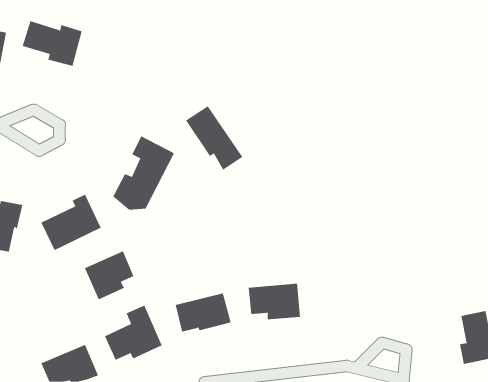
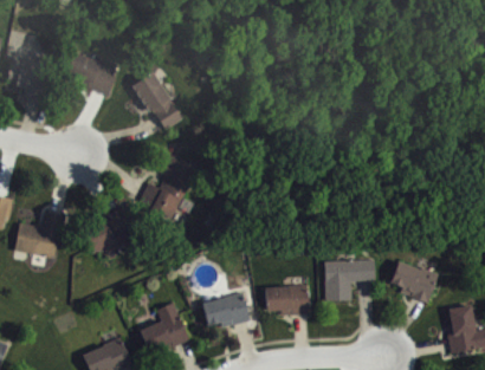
building: [185,105,243,170] -> [134,73,185,130]
building: [84,251,134,300] -> none
building: none -> [324,259,376,300]
building: none -> [392,261,439,303]

